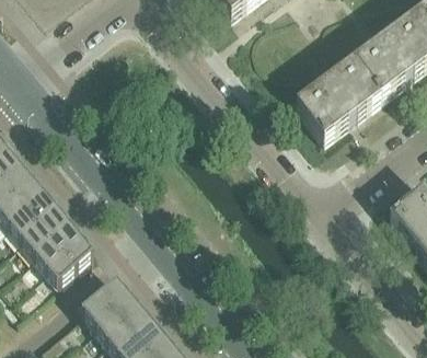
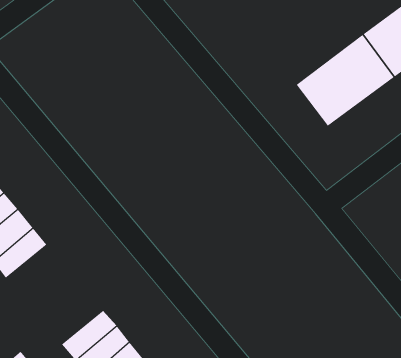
building: [45,239,93,282] -> none
building: [81,280,129,325] -> none

